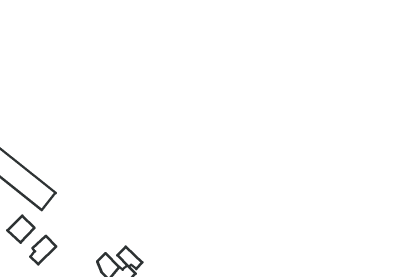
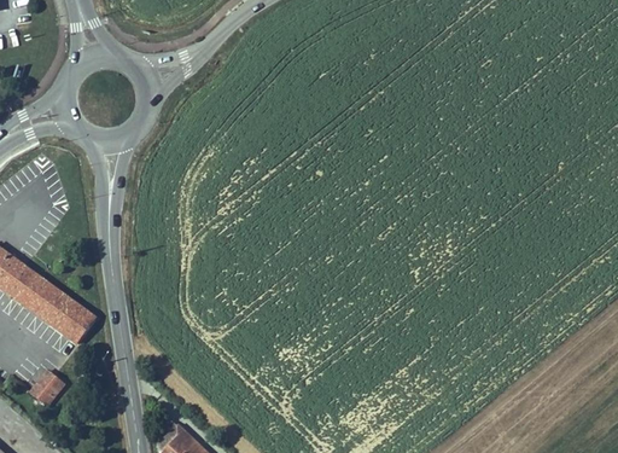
building: [30,236,56,264] -> none
building: [117,247,142,269] -> none

